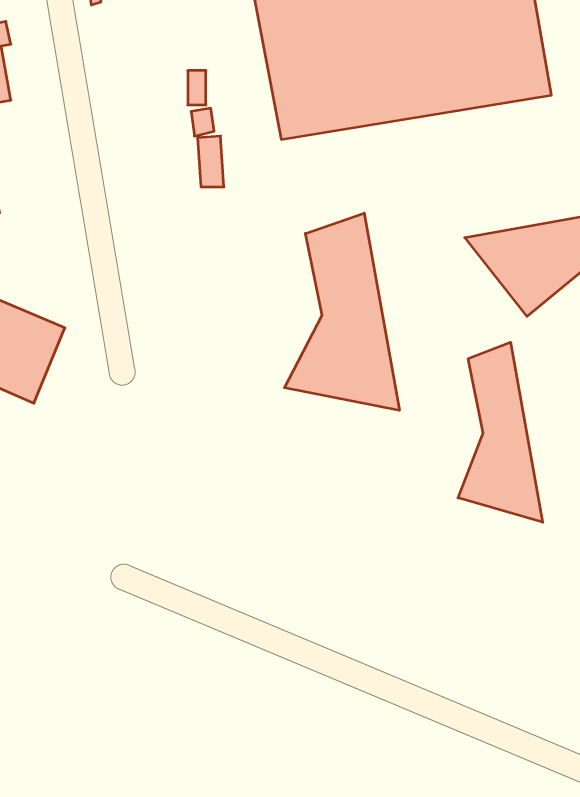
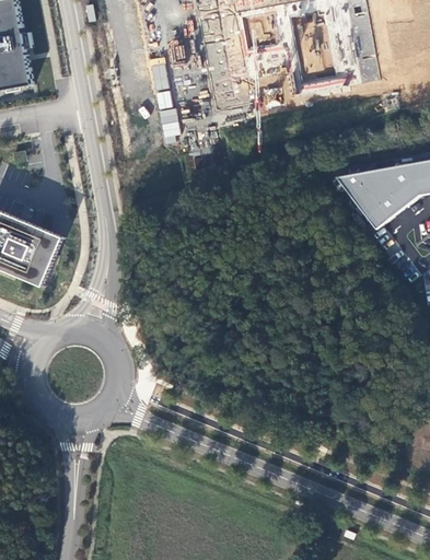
building: [284,213,399,410] -> none
building: [458,342,543,522] -> none

